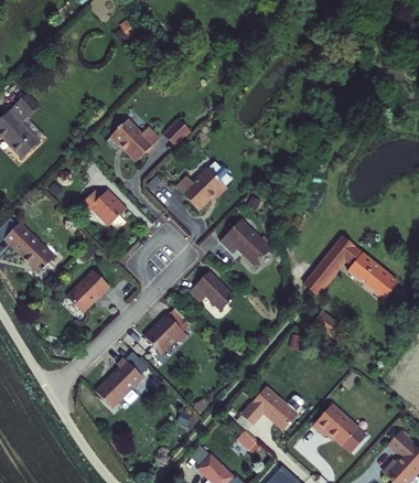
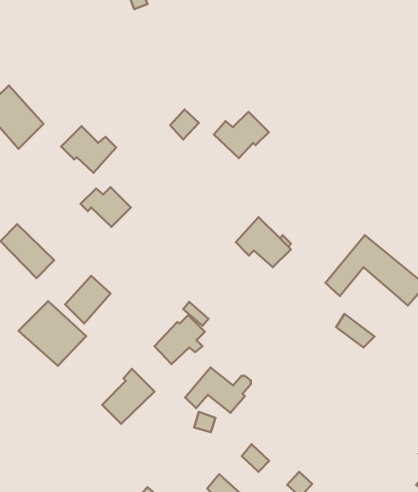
building: [104,118,154,161] -> [61,126,116,173]
building: [179,168,229,211] -> [214,112,269,158]
building: [192,275,237,312] -> none
building: none -> [19,301,86,366]
building: [240,384,301,426] -> [185,367,251,413]
building: [310,399,358,440] -> none

